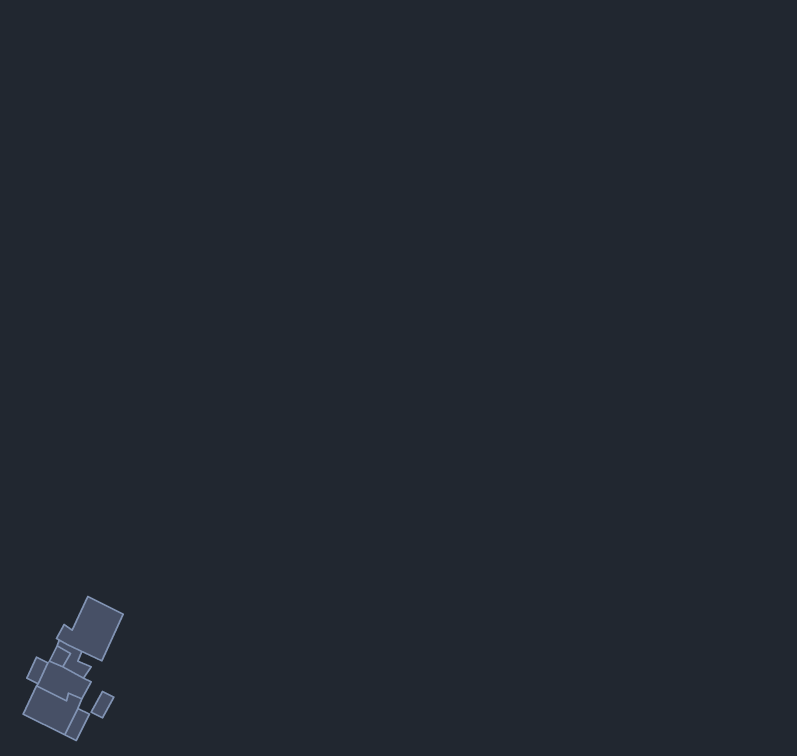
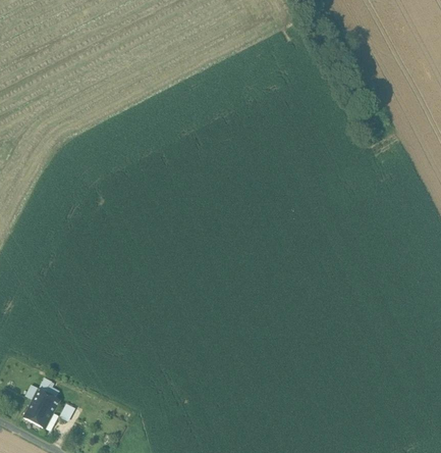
building: [57,596,123,661] -> none

